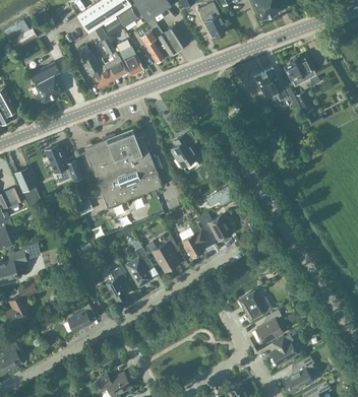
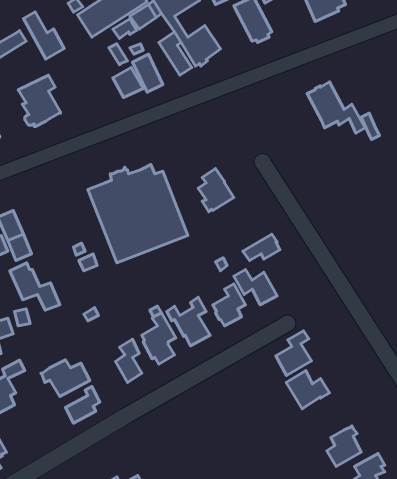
building: [80,52,112,88] -> [23,12,64,59]
building: [284,57,315,84] -> none
building: [44,145,82,182] -> [10,263,60,310]
building: none -> [41,360,90,396]
building: [255,310,283,344] -> [276,331,311,375]

